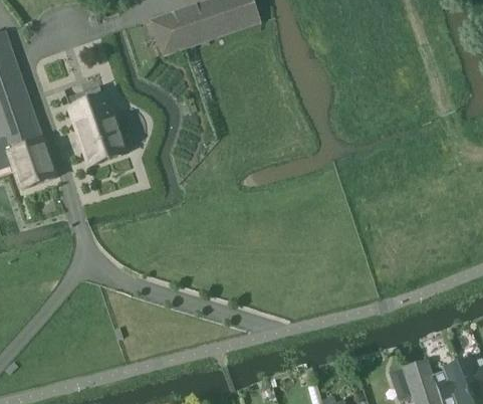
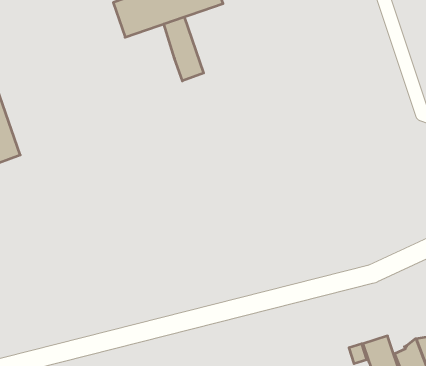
building: none -> [164,17,204,81]
building: [70,93,129,164] -> none

